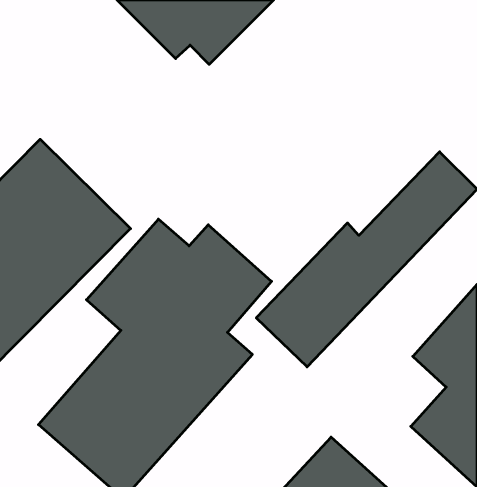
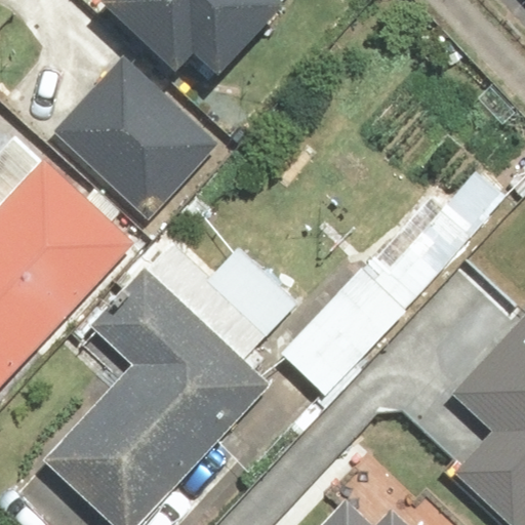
building: none -> [56,60,215,220]

